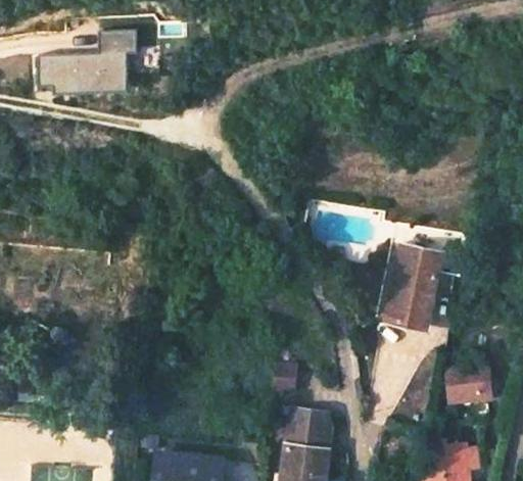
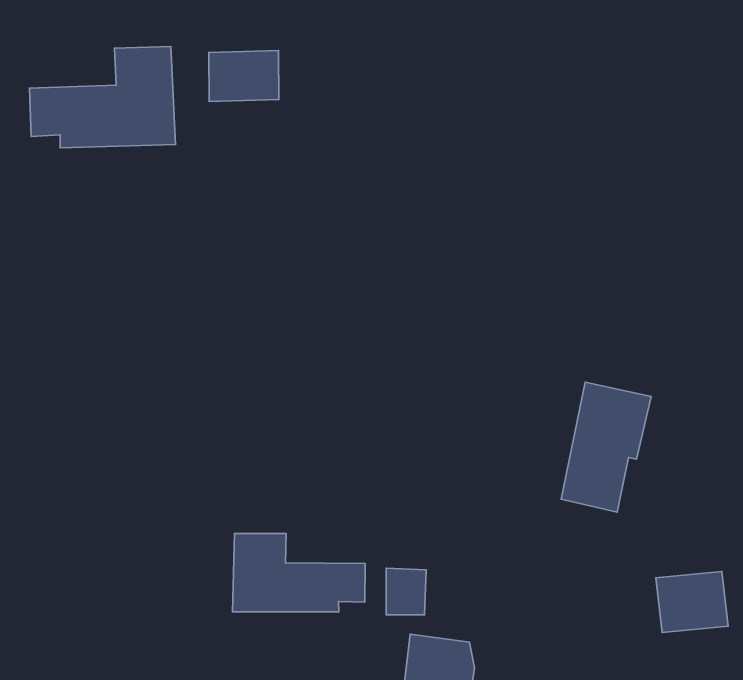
building: none -> [209,50,279,101]
building: none -> [233,533,365,612]

